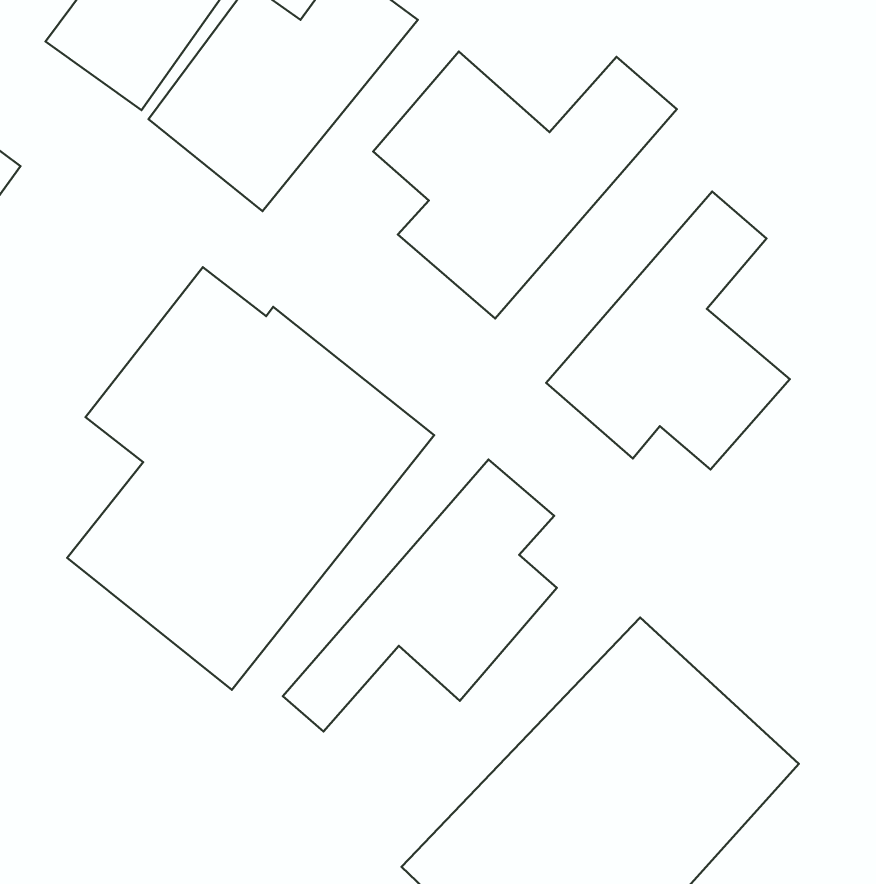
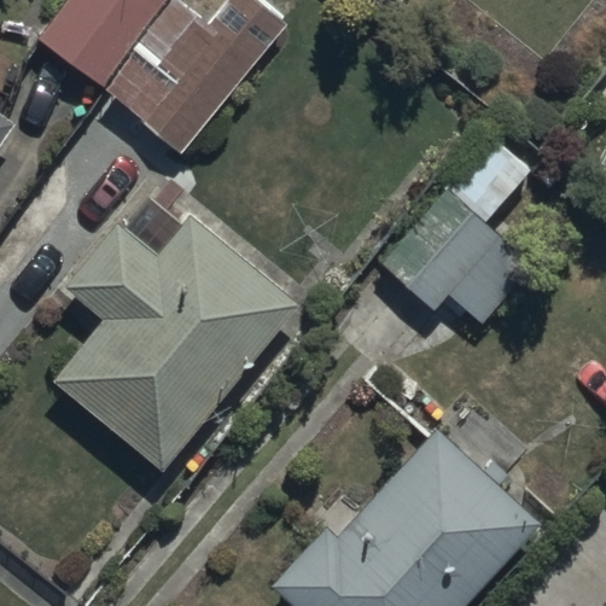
building: [373,51,677,318] -> none
building: [283,459,557,731] -> none

